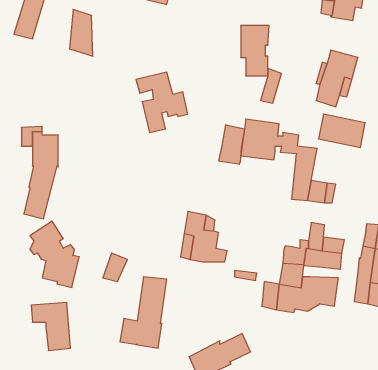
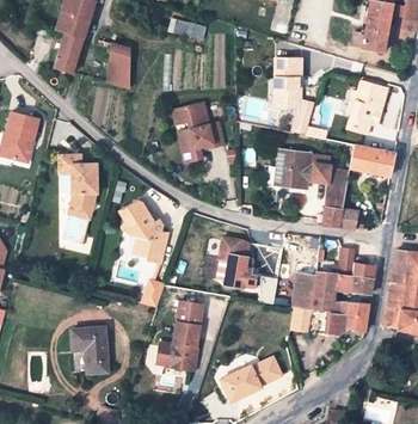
building: [219,125,244,164] -> none
building: [30,221,79,288] -> [119,197,167,262]
building: none -> [293,272,315,308]

